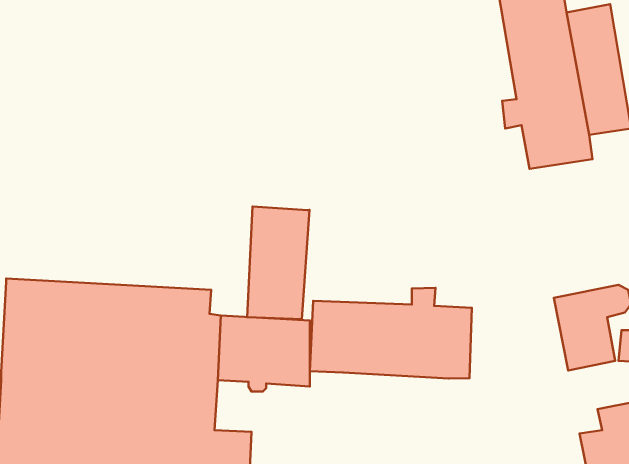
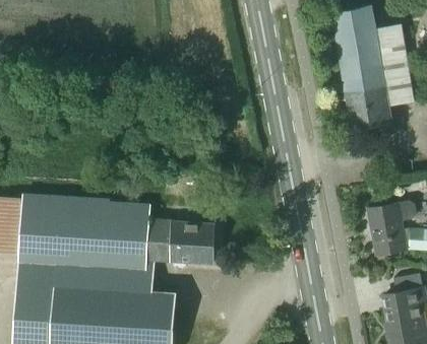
building: [247,207,310,319] -> none
building: [310,288,472,378] -> none

